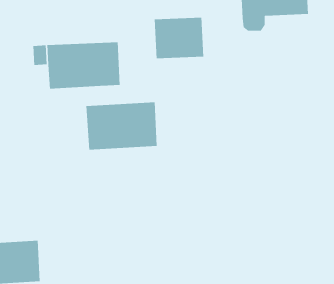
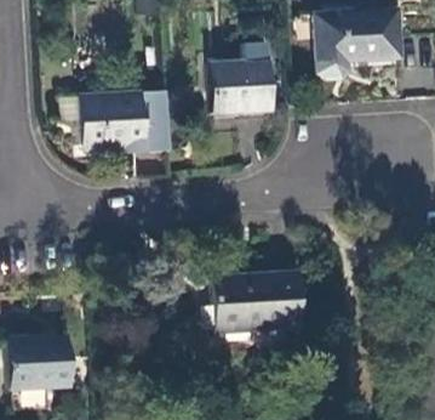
building: [85,102,158,150] -> [212,273,301,333]

